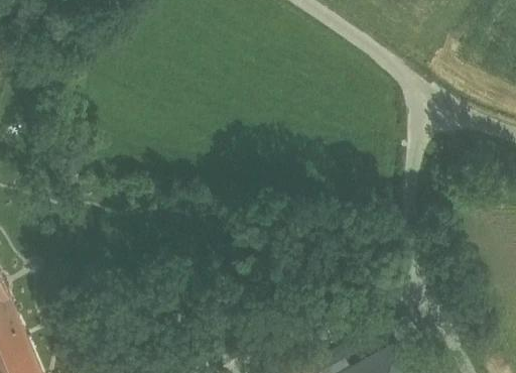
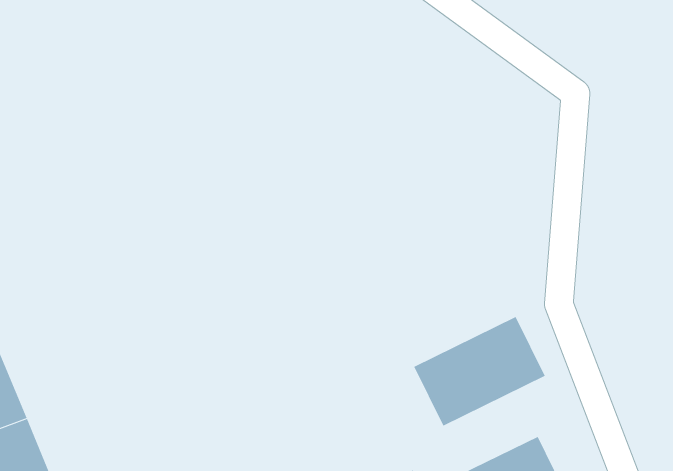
building: none -> [414,316,546,426]

